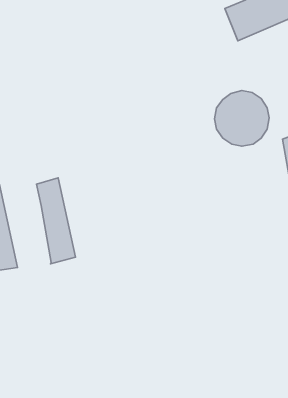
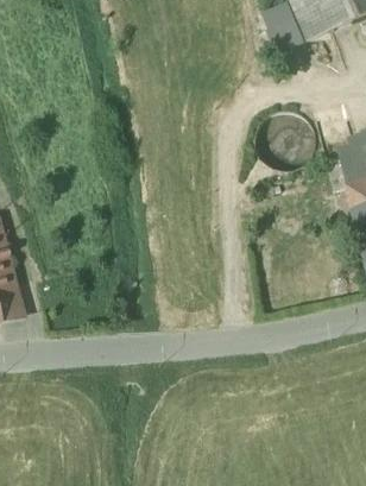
building: [37,178,76,264] -> none

